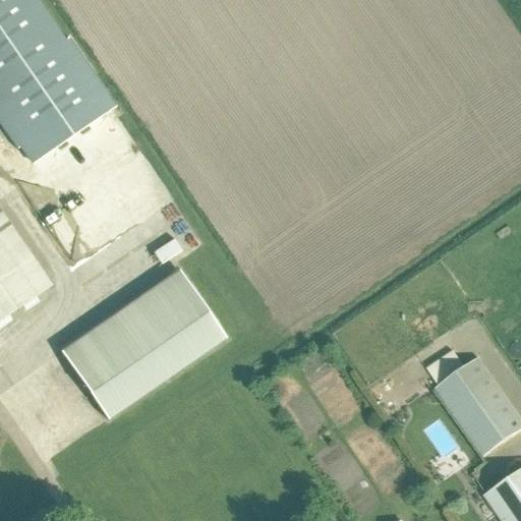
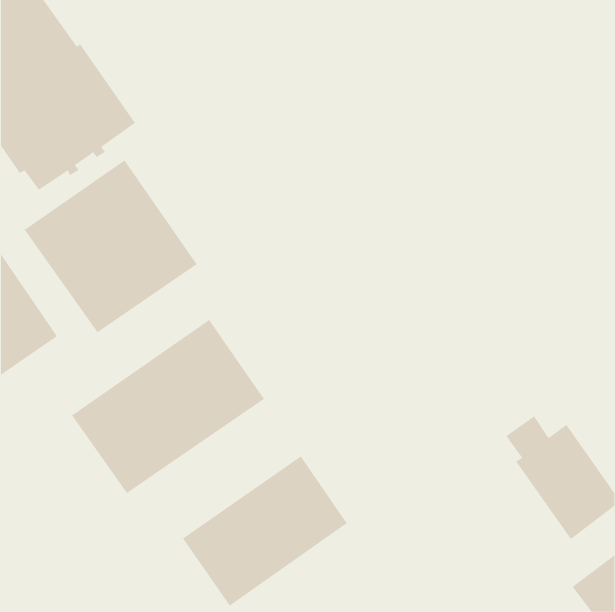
building: none -> [24,160,197,333]
building: none -> [182,455,347,606]

